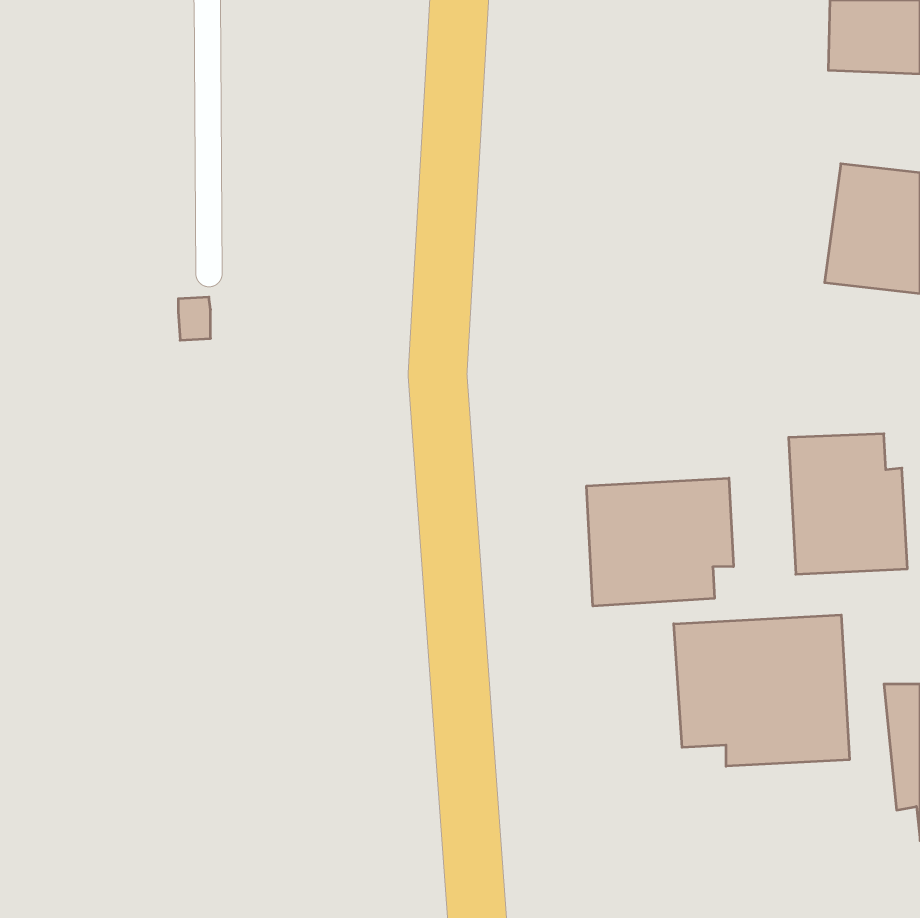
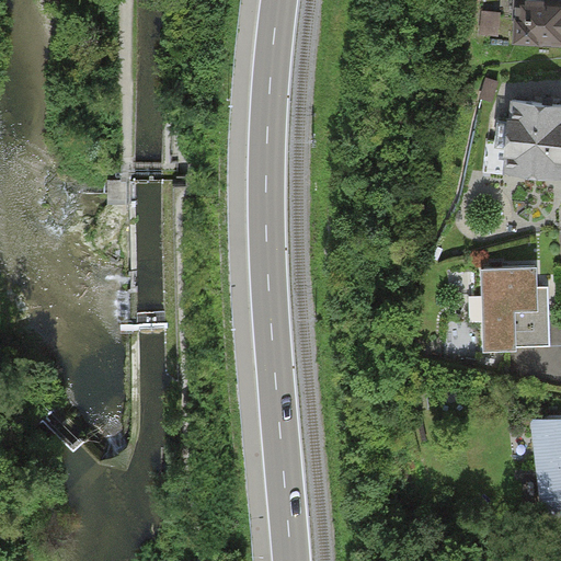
building: [587,478,733,606] -> none
building: [674,615,849,766] -> none

